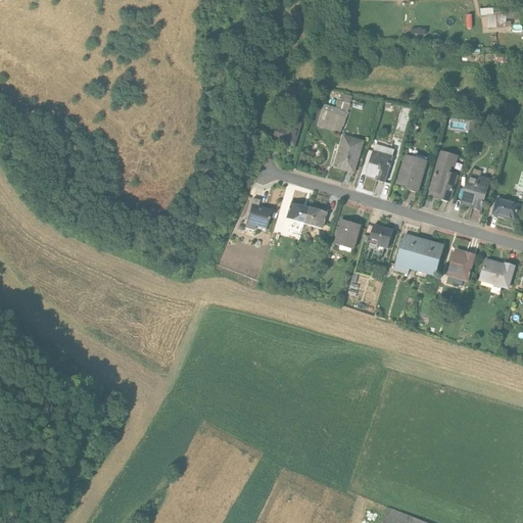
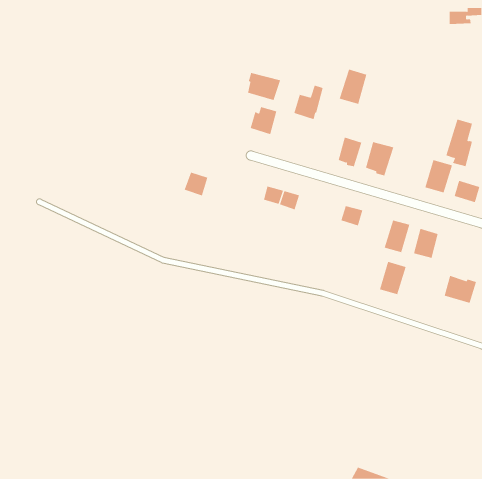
building: none -> [247,72,281,101]
building: [333,133,364,172] -> [339,69,367,105]
building: [428,149,458,201] -> [446,119,473,167]
building: [244,202,271,229] -> [184,172,208,196]
building: [332,218,361,248] -> none
building: [395,232,425,269] -> [379,261,406,295]
building: [479,256,515,287] -> [444,275,477,303]

